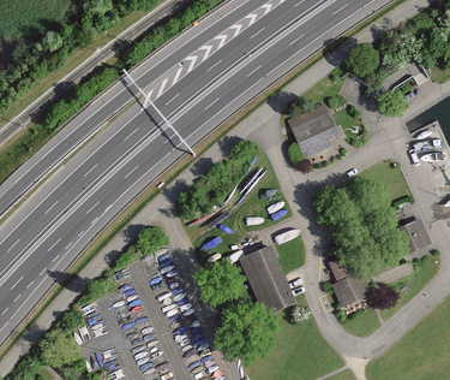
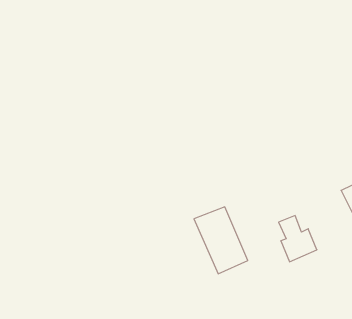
building: [287,105,341,155] -> none

